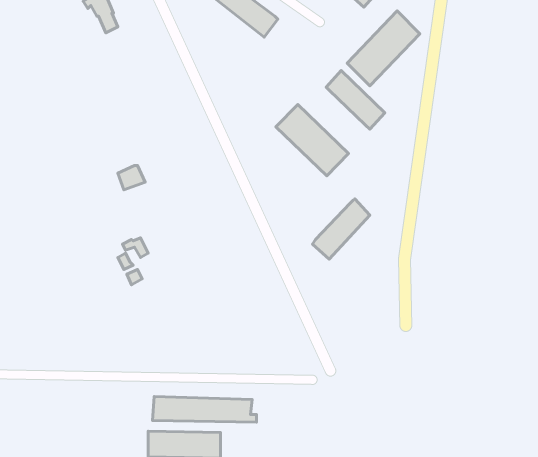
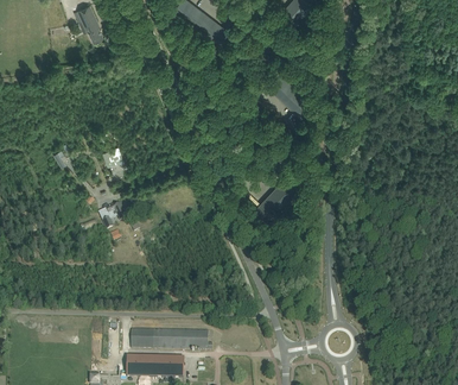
building: [347,11,420,86] -> none
building: [276,105,349,176] -> none

